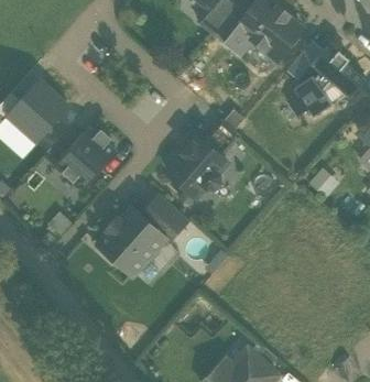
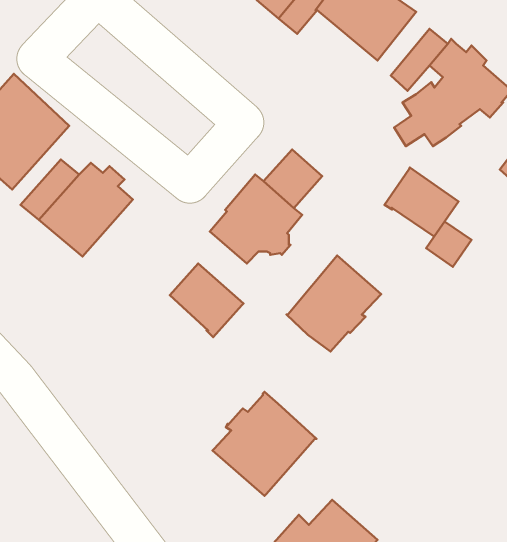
building: none -> [384,168,458,236]
building: none -> [287,255,381,352]
building: [97,208,165,276] -> [213,392,316,496]

